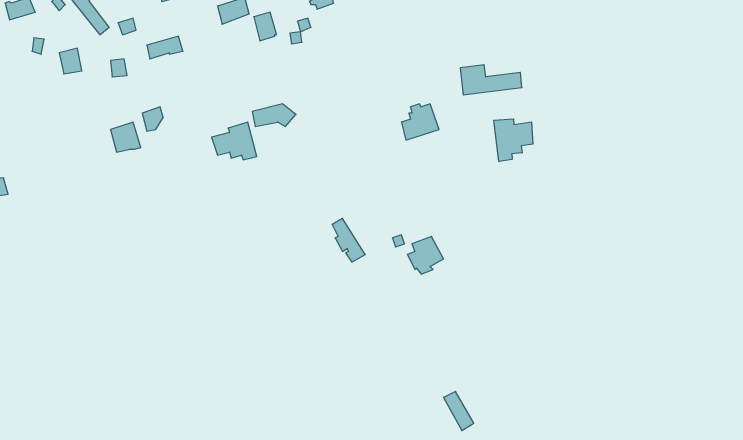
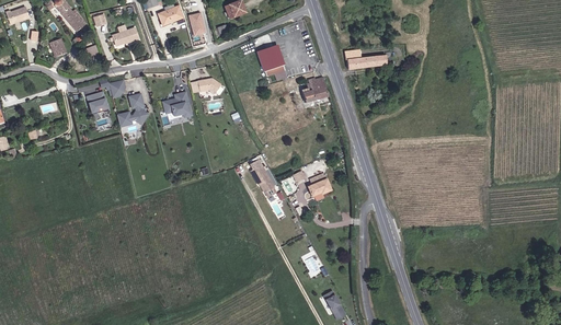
building: none -> [254,46,282,77]
building: [494,119,533,162] -> none
building: none -> [117,93,149,127]

